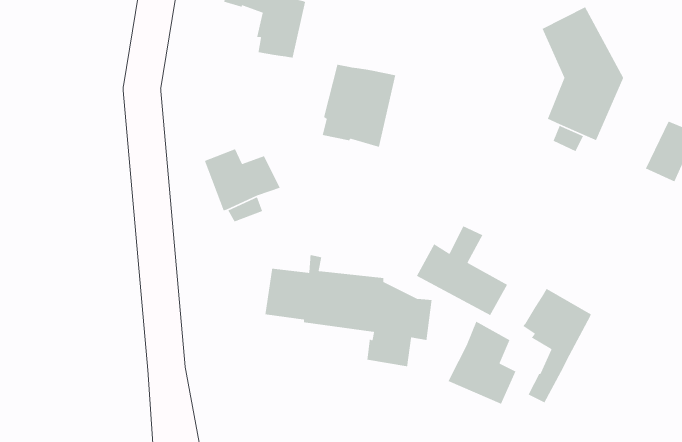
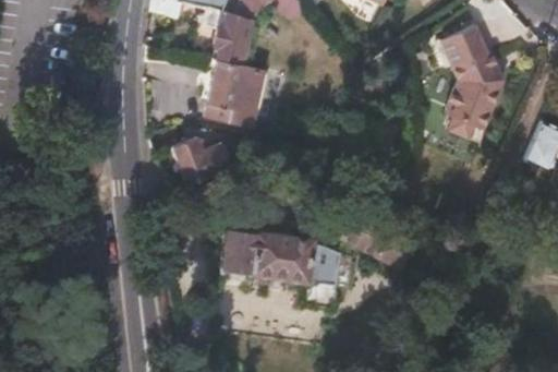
building: [322,64,396,148] -> [205,61,264,128]
building: [522,287,591,403] -> none
building: [448,320,516,405] -> none

